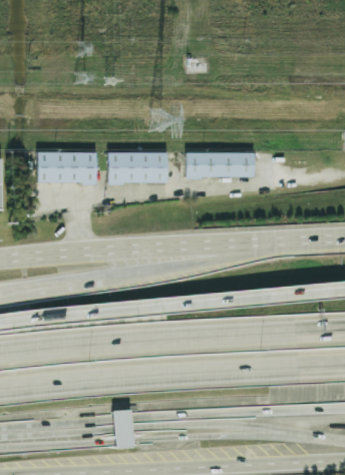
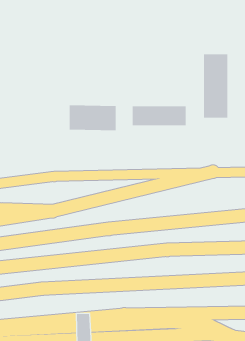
building: none -> [203,53,228,118]
building: [36,151,96,183] -> none

